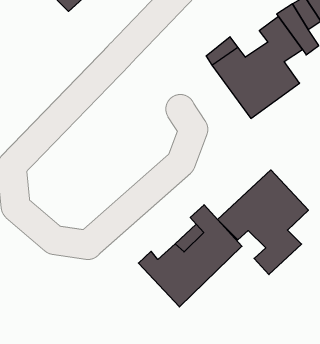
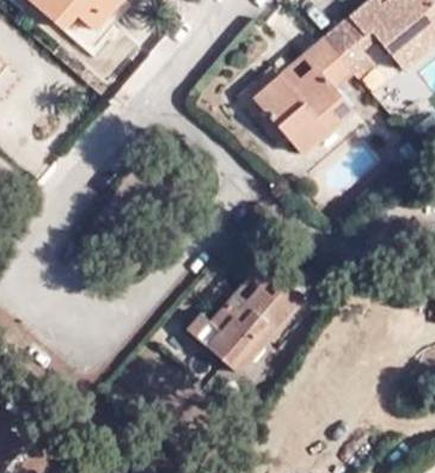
building: [217,170,308,275] -> none

